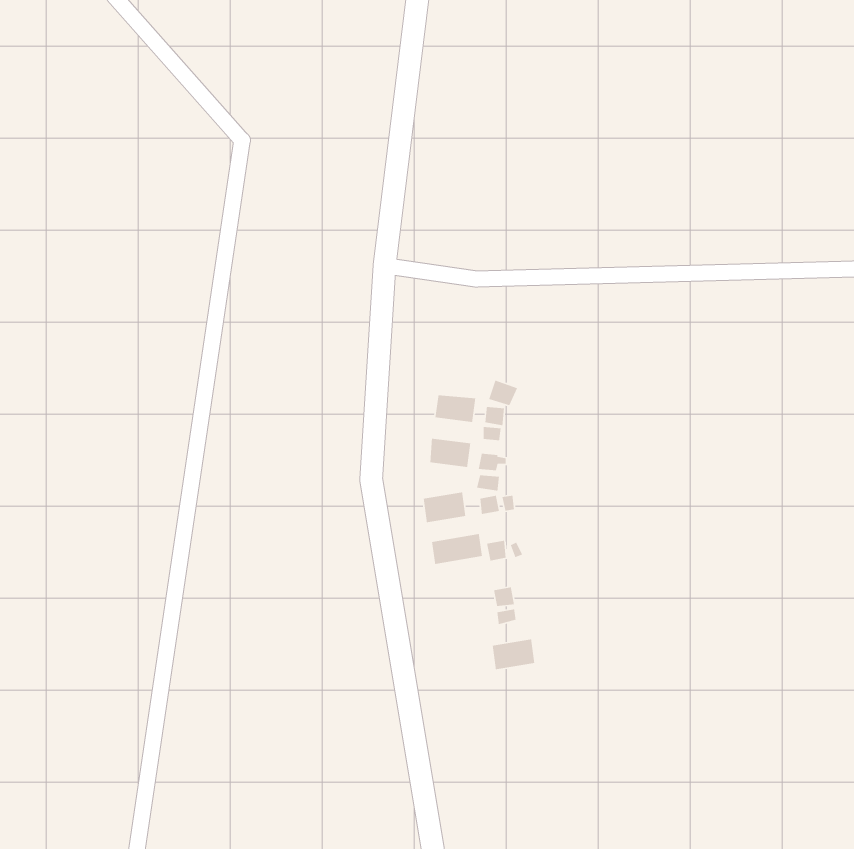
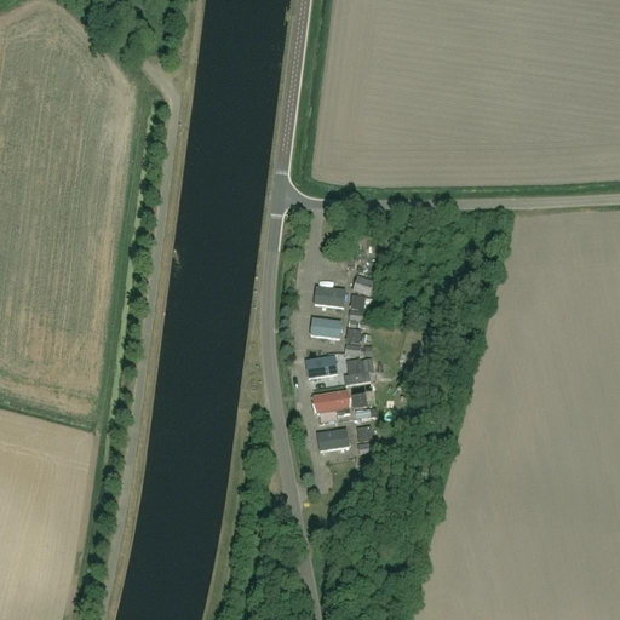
building: [492,638,535,670] -> [318,429,350,452]

